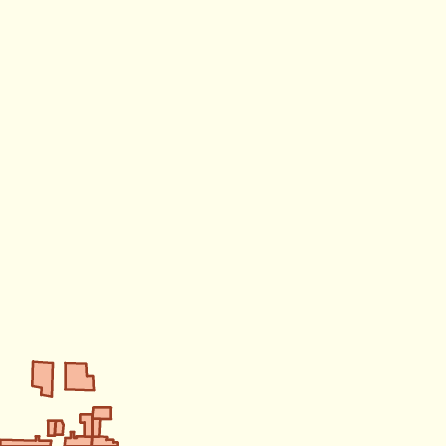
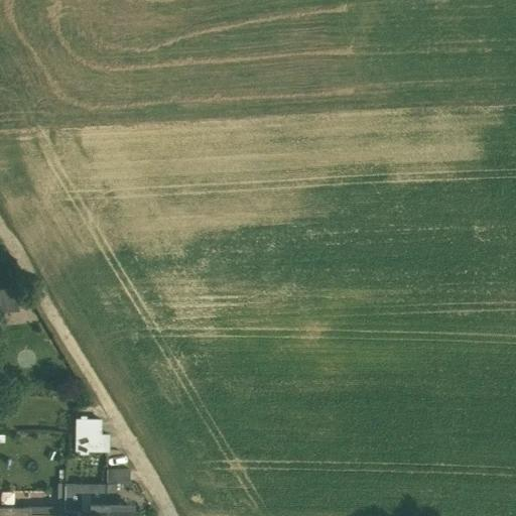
building: [33,361,53,397] -> none

